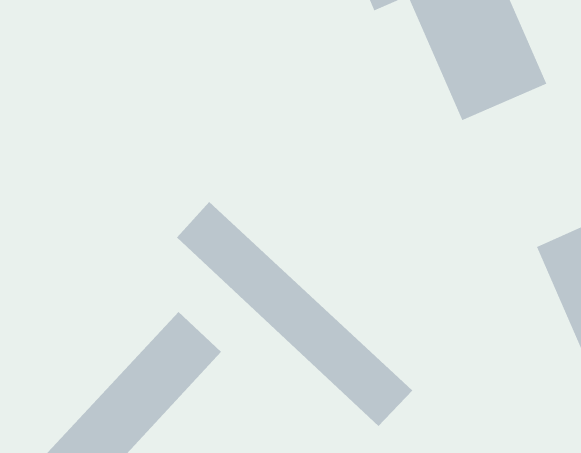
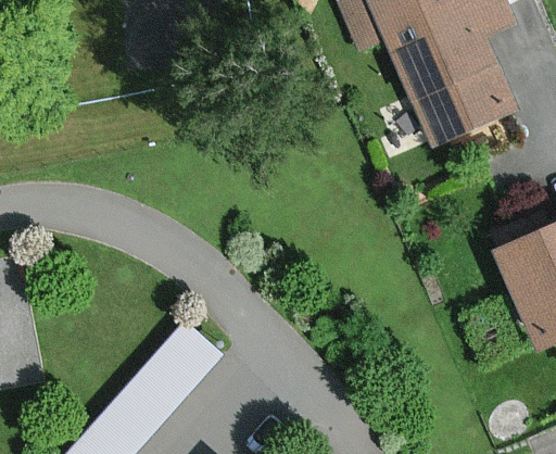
building: [176,201,413,427] -> none

